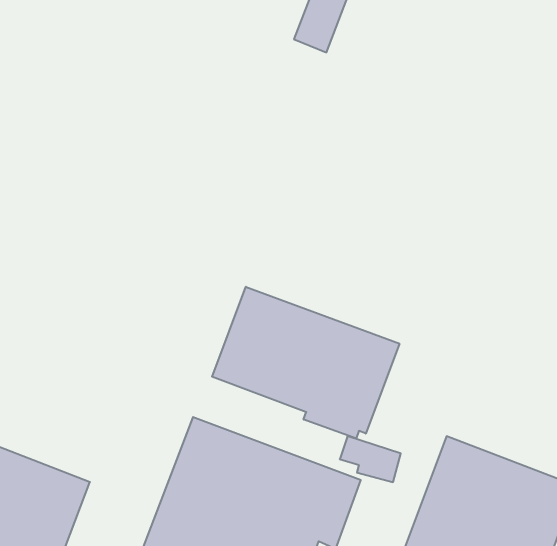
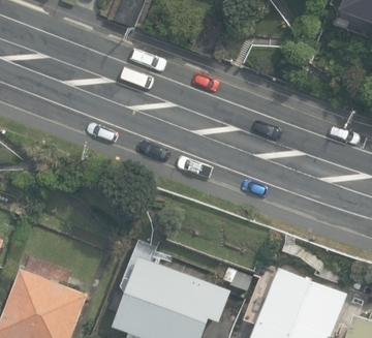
building: [212,287,399,438] -> none

